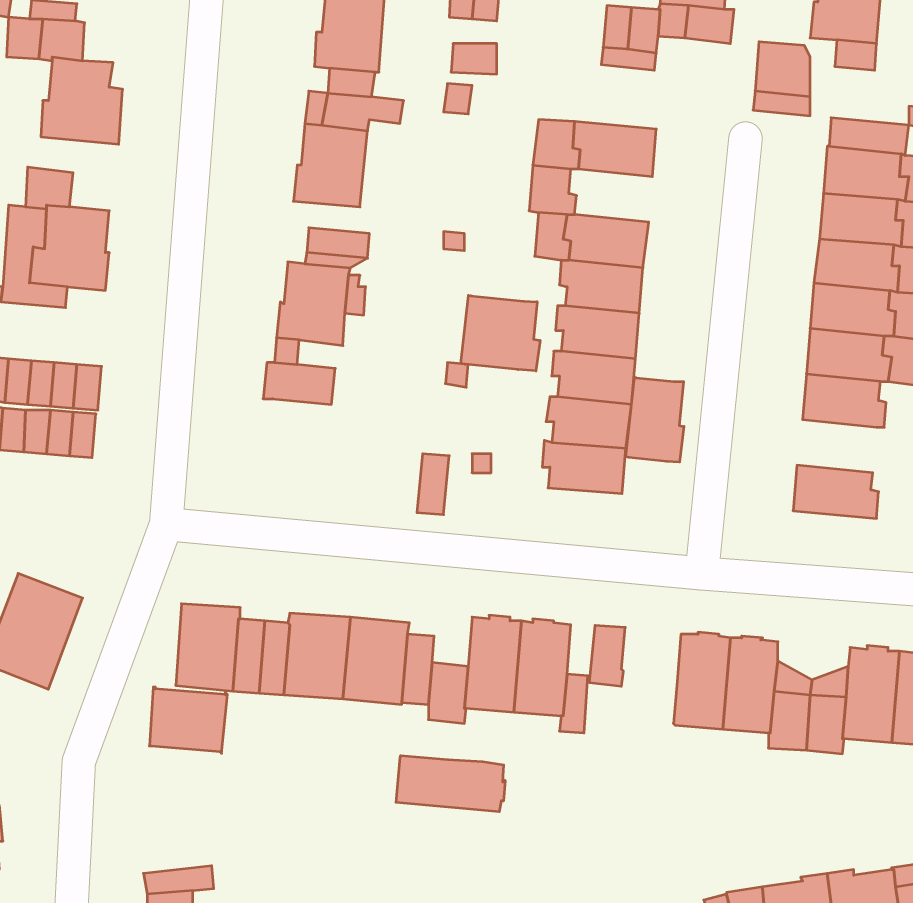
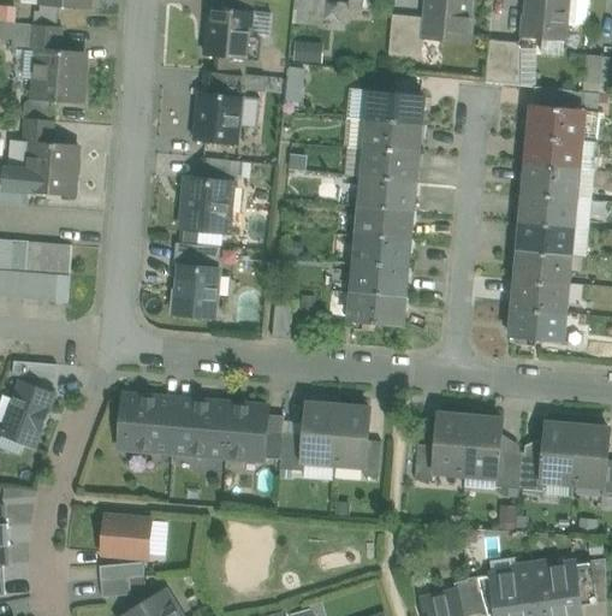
building: none -> [367,120,420,154]
building: [461,295,540,371] -> none
building: [626,377,684,462] -> none
building: none -> [172,266,218,318]
building: none -> [511,279,565,313]
building: [589,625,625,686] -> [412,444,435,482]
building: [149,687,227,753] -> [101,516,150,558]
building: [396,756,505,812] -> none

